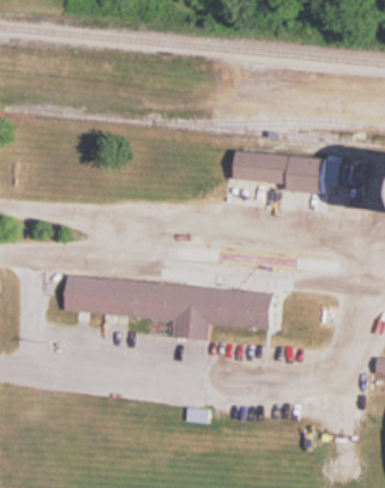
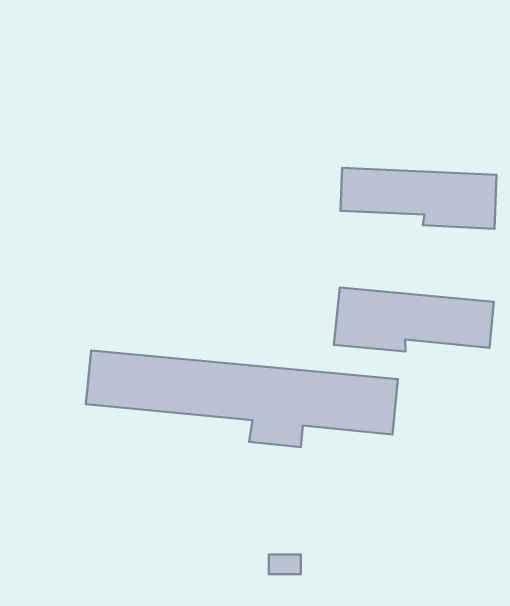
building: none -> [334,288,494,351]

